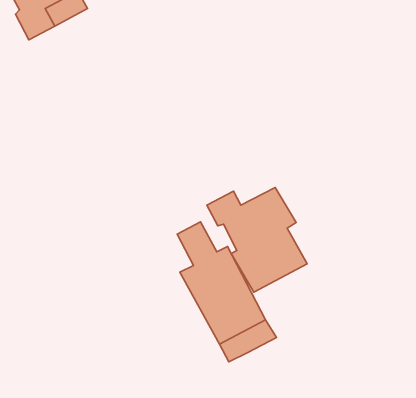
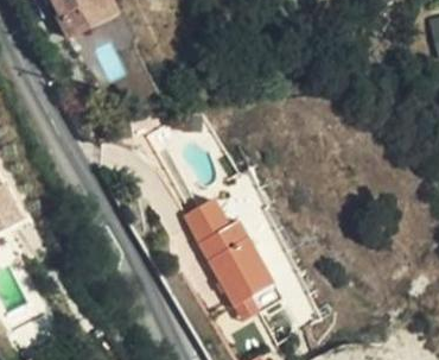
building: [207,188,307,292] -> none

